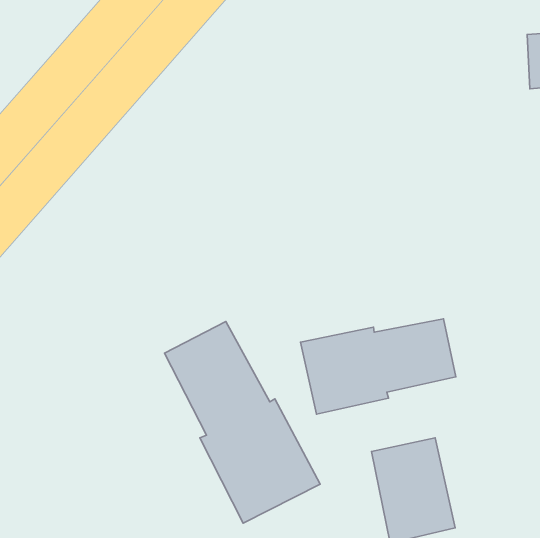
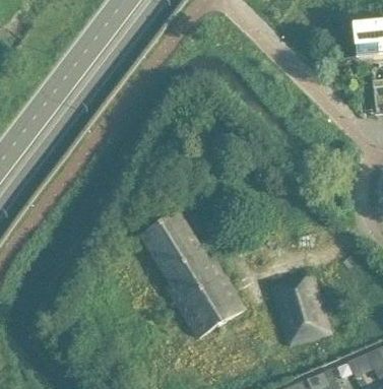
building: [301,319,456,414] -> none

